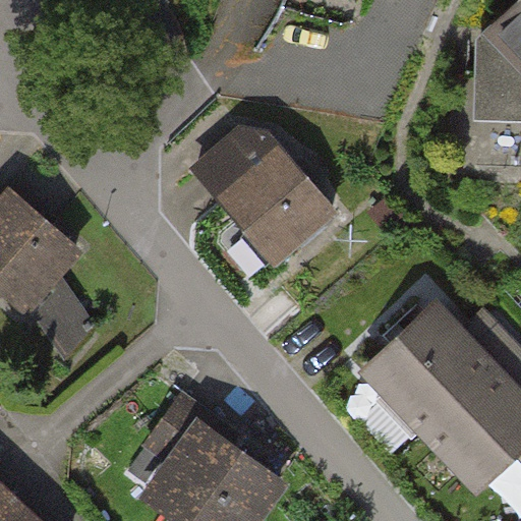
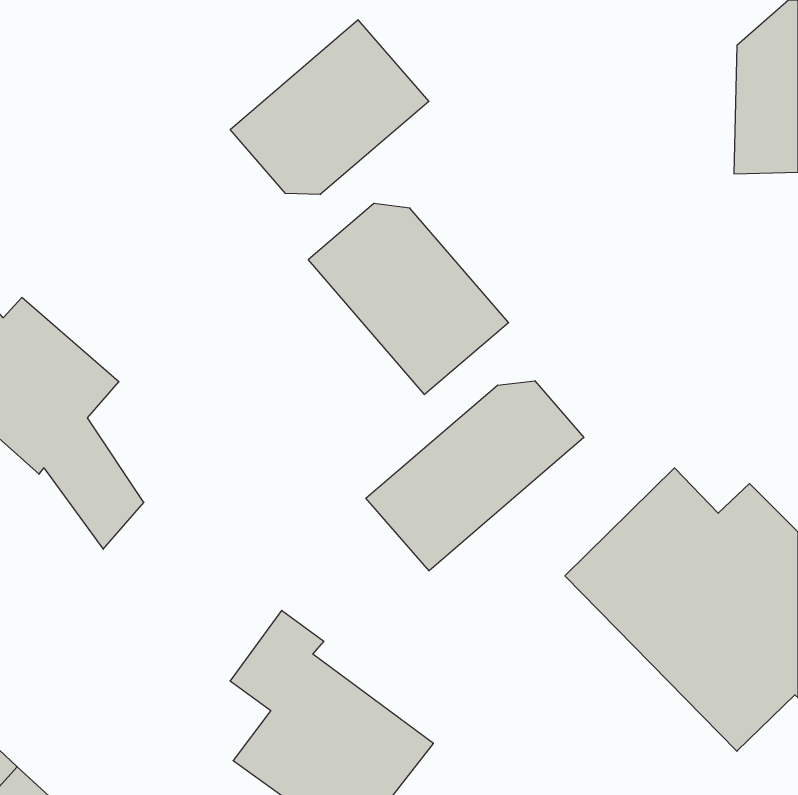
building: none -> [230,20,429,195]
building: none -> [366,381,584,571]

